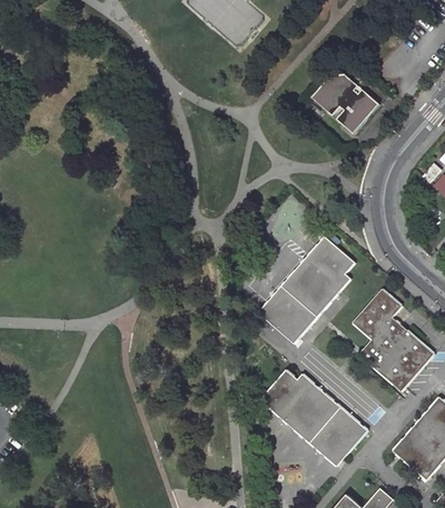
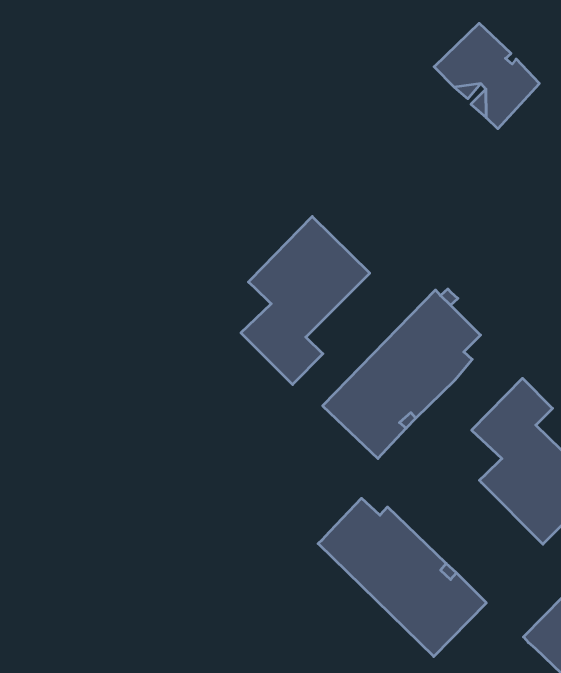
building: none -> [241,216,370,385]

